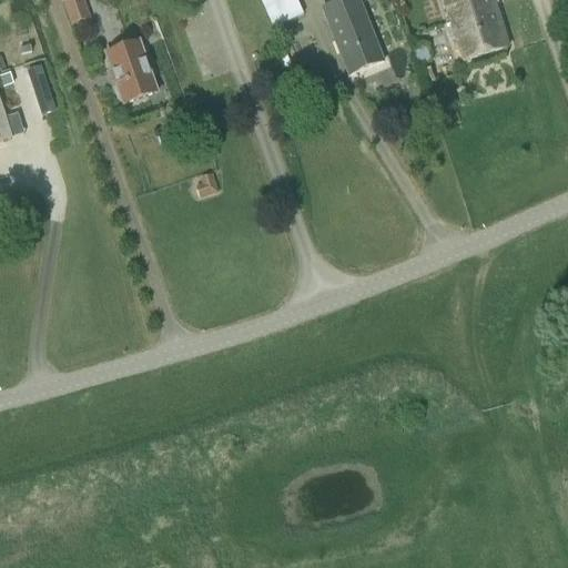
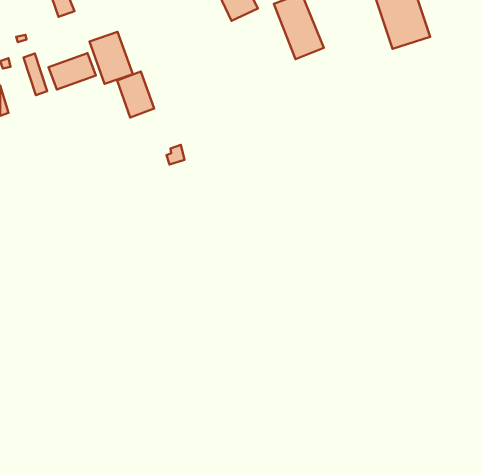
building: none -> [48,53,96,89]
building: none -> [117,72,154,117]

